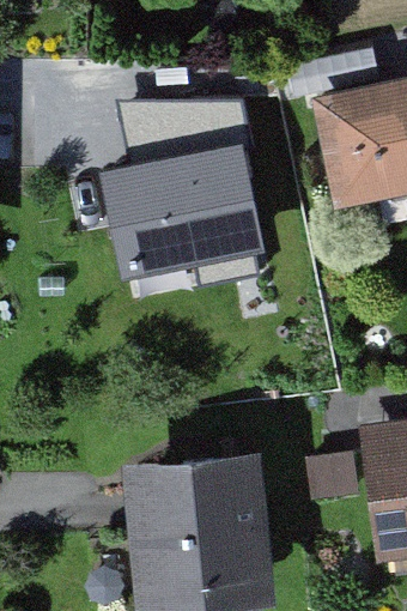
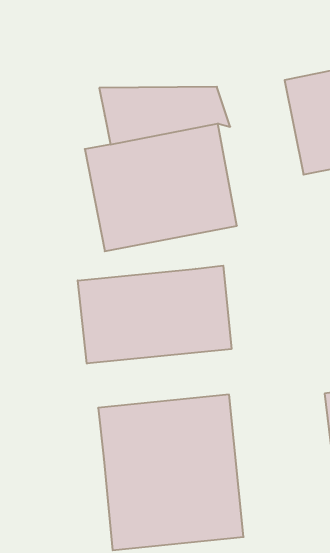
building: none -> [78,266,231,364]

